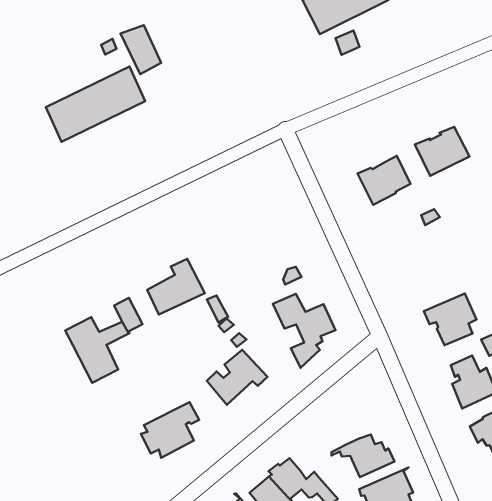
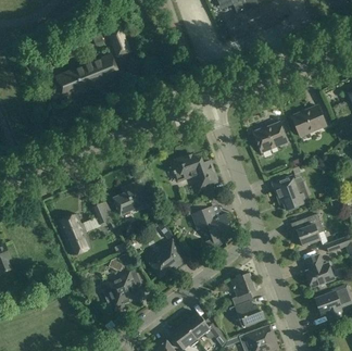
building: none -> [172,154,216,189]
building: none -> [272,175,307,210]
building: none -> [231,272,255,305]

